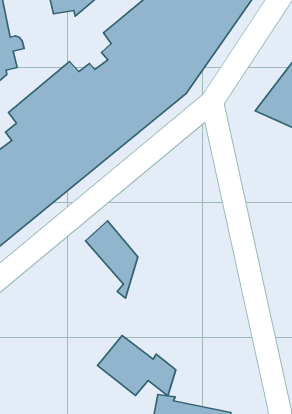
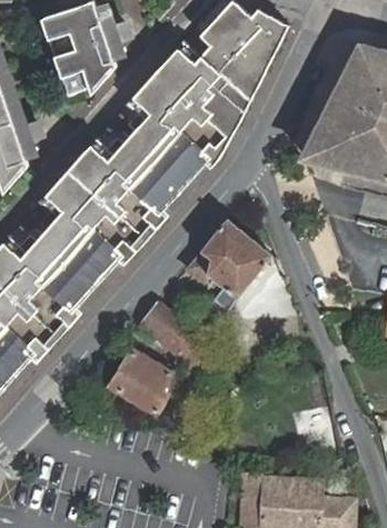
building: none -> [185,216,268,297]
building: [98,336,176,396] -> [108,349,191,410]

